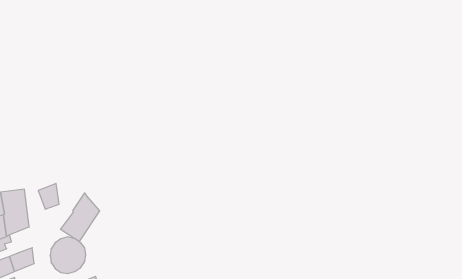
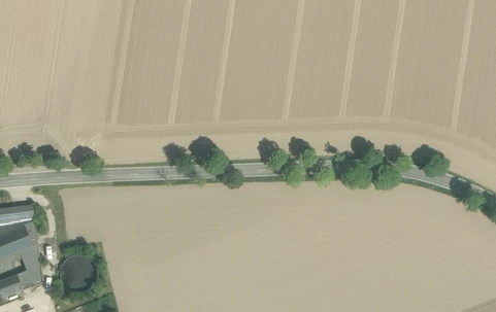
building: [38,183,59,209] -> [15,243,37,270]
building: [61,193,100,242] -> none

